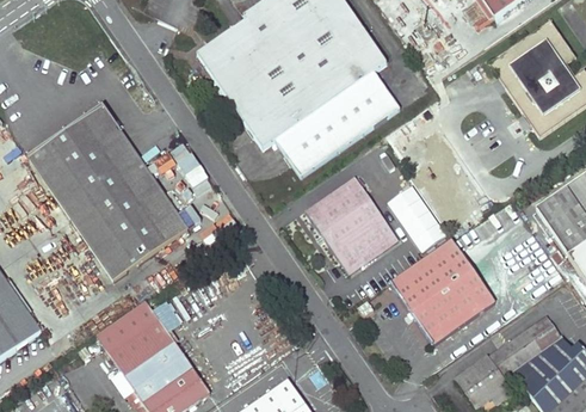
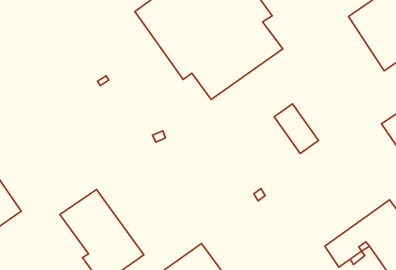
building: [26,102,187,277] -> none
building: [306,177,399,273] -> none
building: [390,239,495,344] -> none

